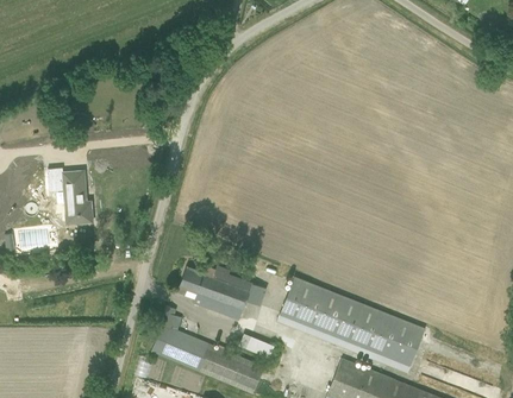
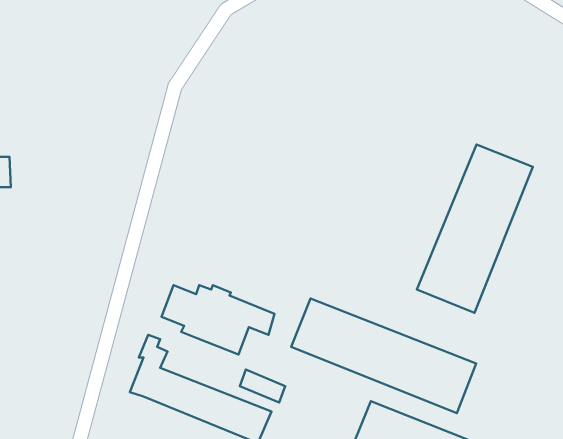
building: none -> [417,145,533,313]
building: [62,170,92,223] -> none

